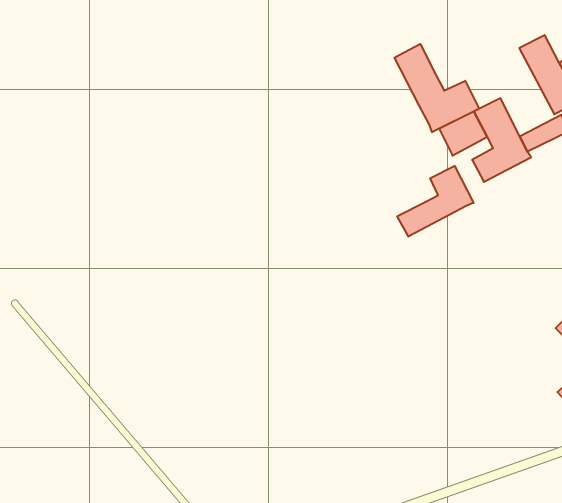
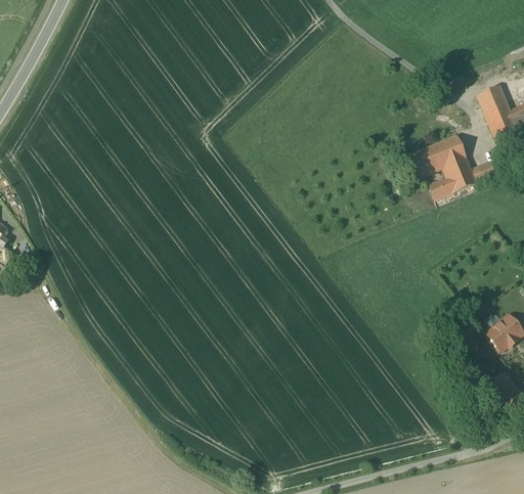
building: [394,44,479,132] -> none
building: [397,166,474,237] -> none

